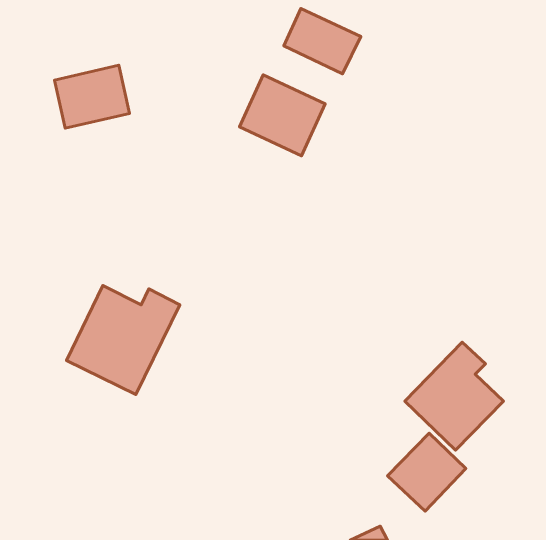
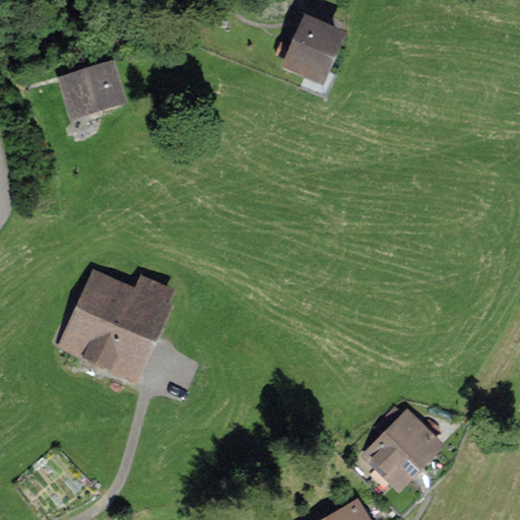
building: [240,75,325,156] -> none
building: [405,342,503,450] -> none

